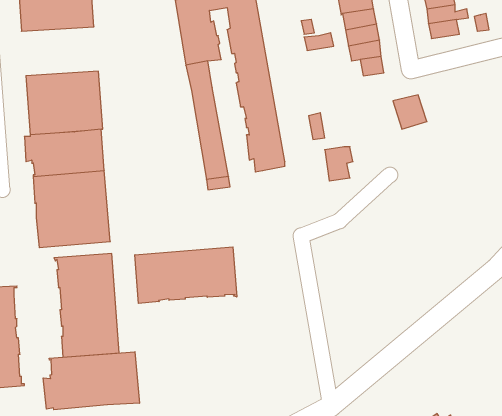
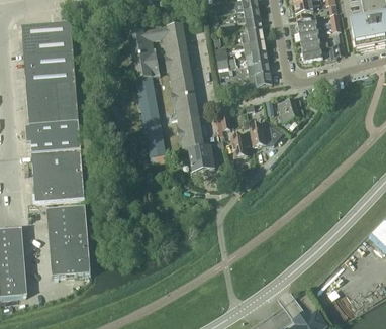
building: none -> [23,51,76,85]
building: none -> [249,122,274,145]
building: none -> [188,139,223,171]
building: [135,247,237,303] -> none
building: [43,352,139,410] -> none

